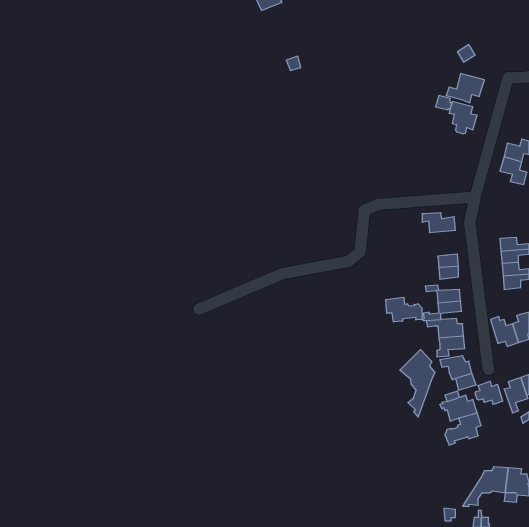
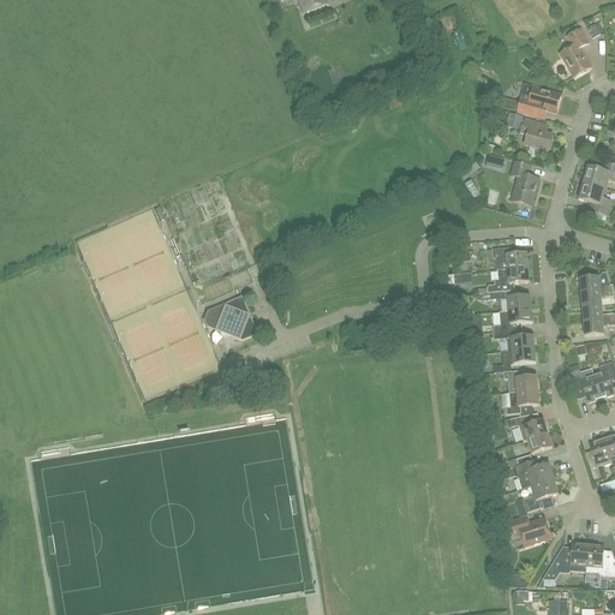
building: none -> [560,28,591,76]
building: none -> [510,161,539,204]
building: none -> [486,267,529,291]
building: none -> [216,294,256,339]
building: [386,297,422,322] -> none
building: [400,350,435,417] -> none
building: [475,381,503,404] -> none
building: none -> [506,517,550,544]

